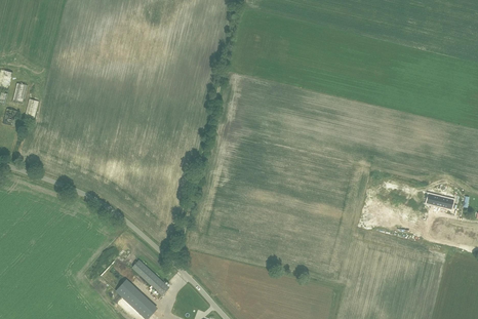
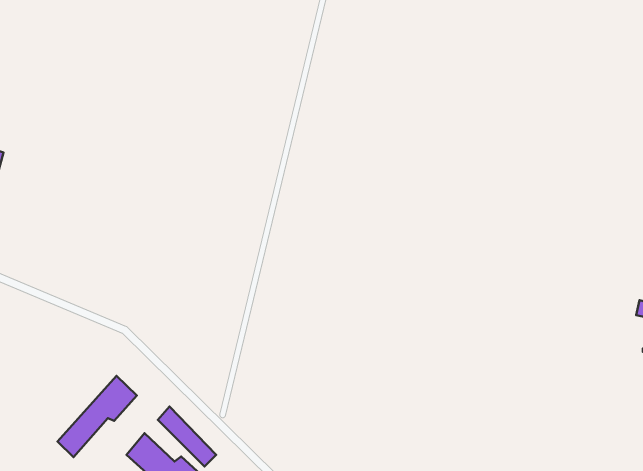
building: none -> [57,376,137,457]

